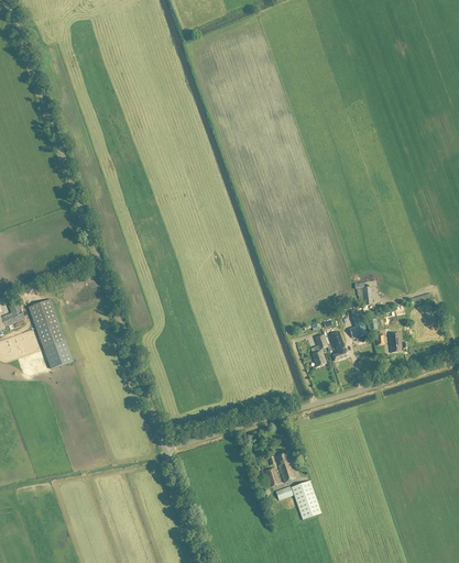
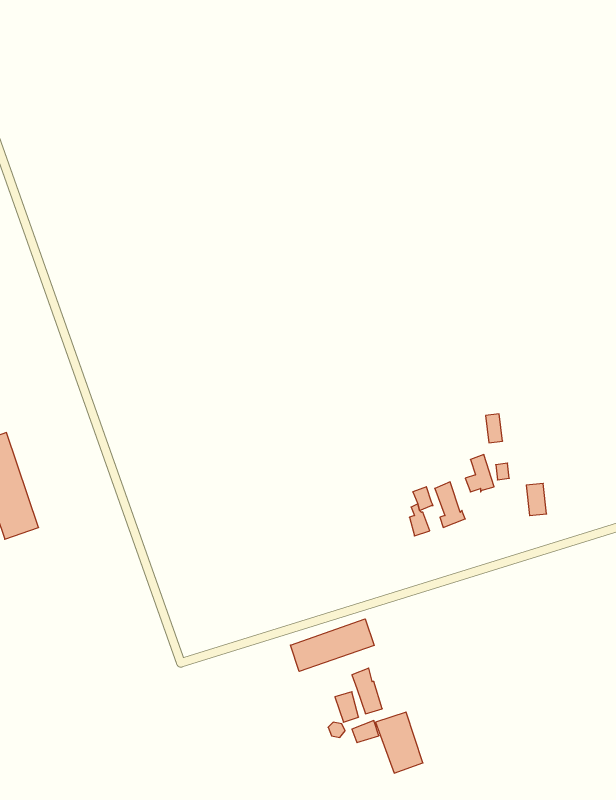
building: none -> [290,619,374,671]

